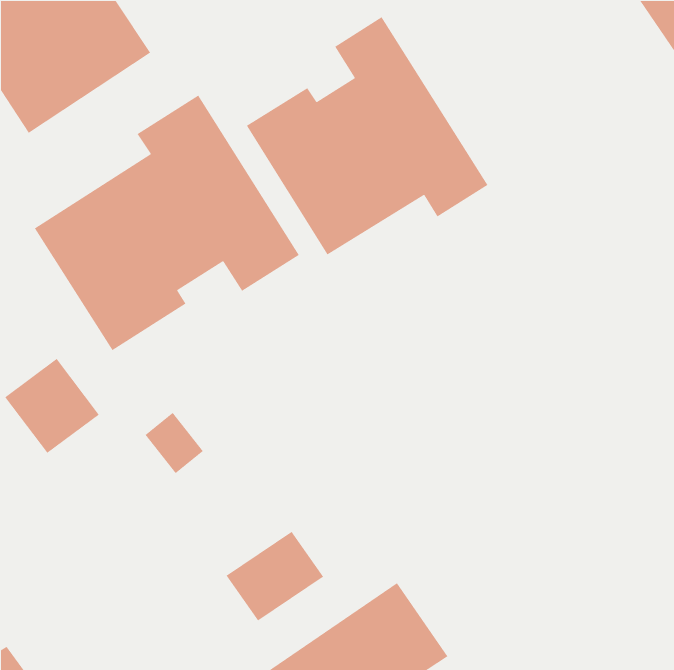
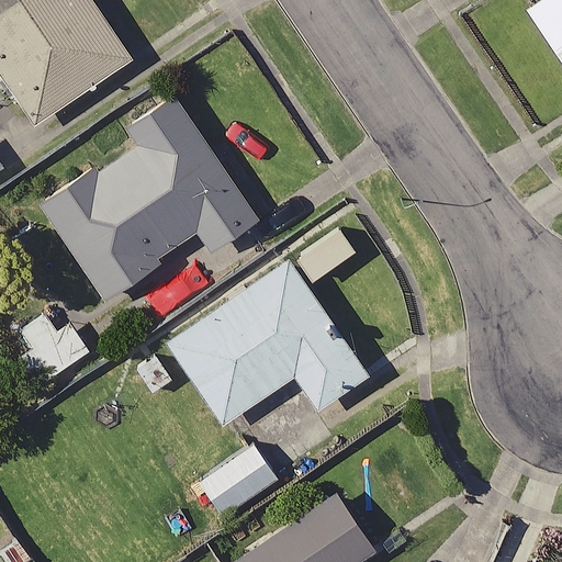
building: [246,16,488,256] -> none
building: none -> [167,258,370,427]

